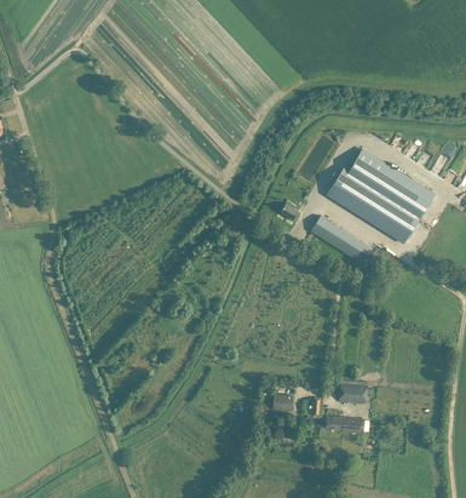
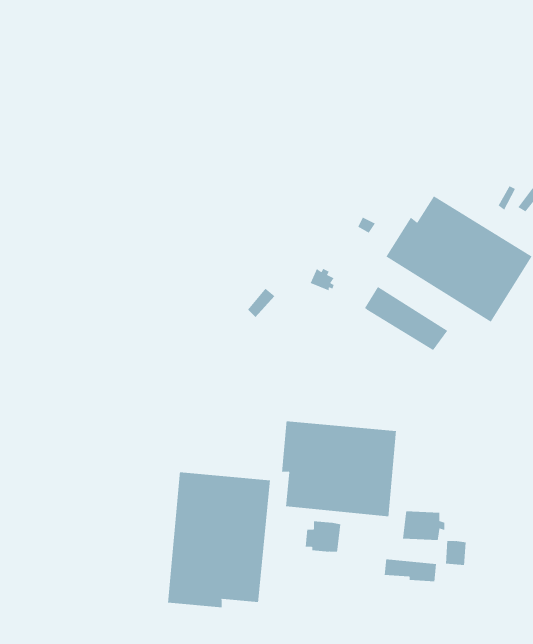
building: none -> [281,421,397,517]
building: none -> [167,472,270,608]

